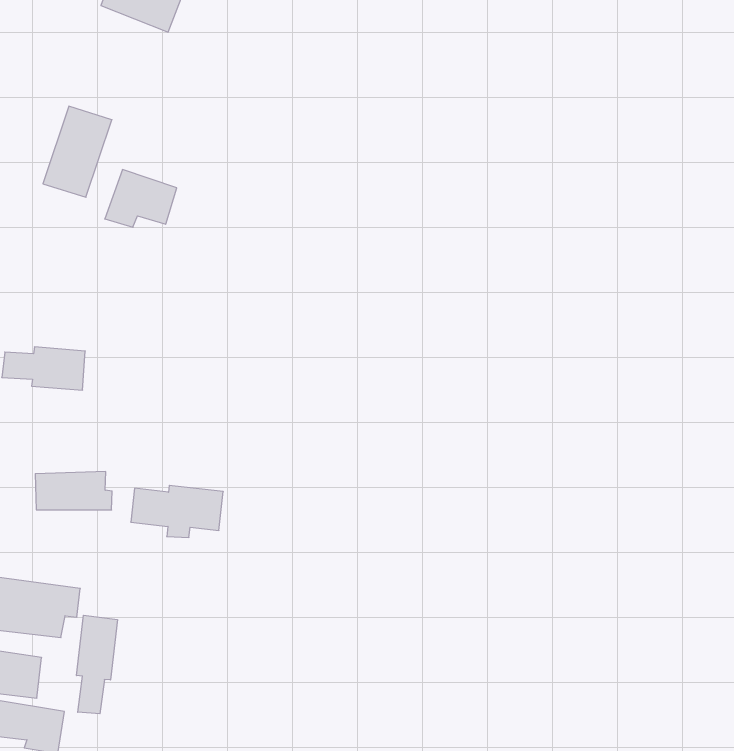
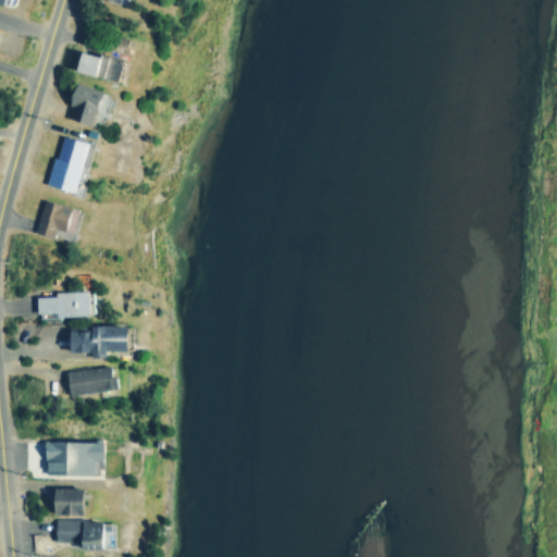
building: none -> [70,83,102,126]
building: [105,170,177,227] -> [38,202,82,238]
building: [131,485,223,537] -> [70,326,126,359]
building: [77,615,117,714] -> none

